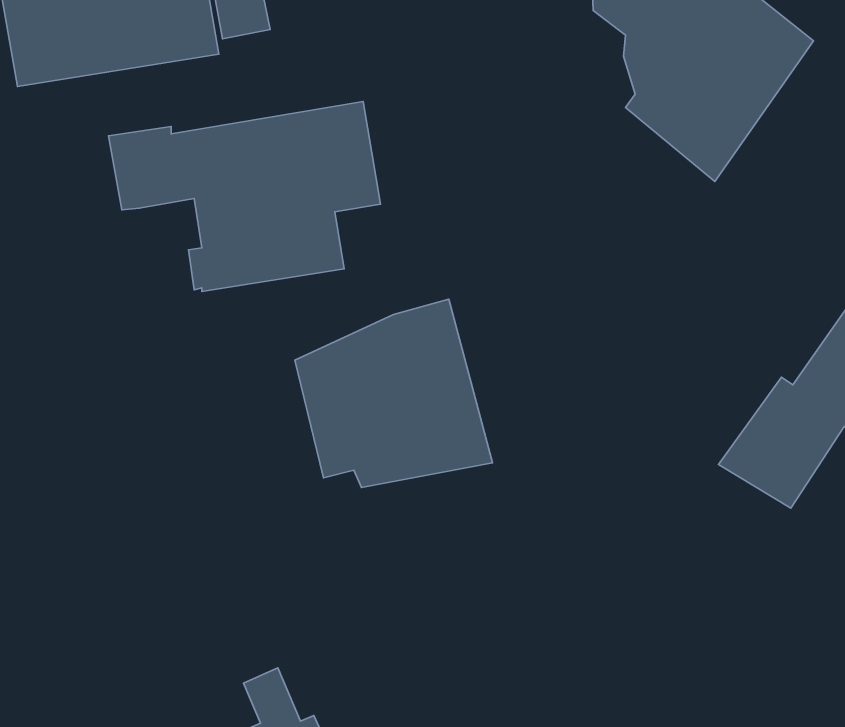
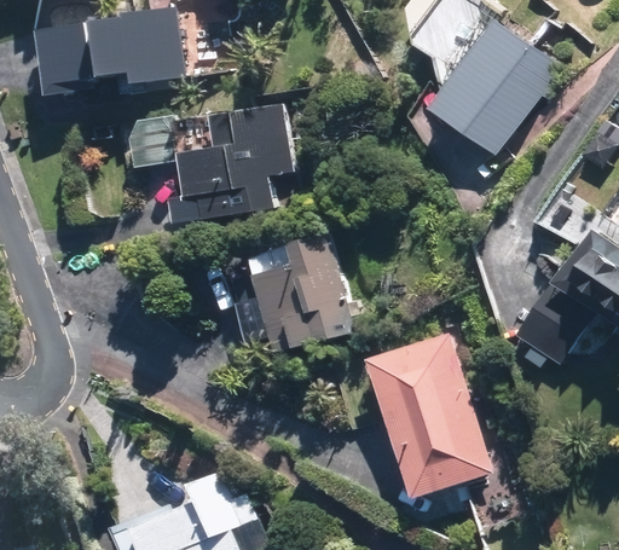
building: none -> [354,330,484,494]

